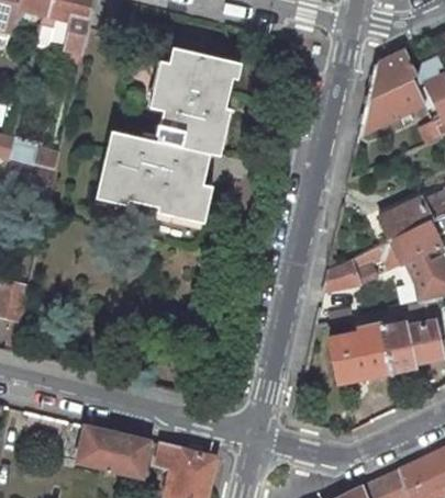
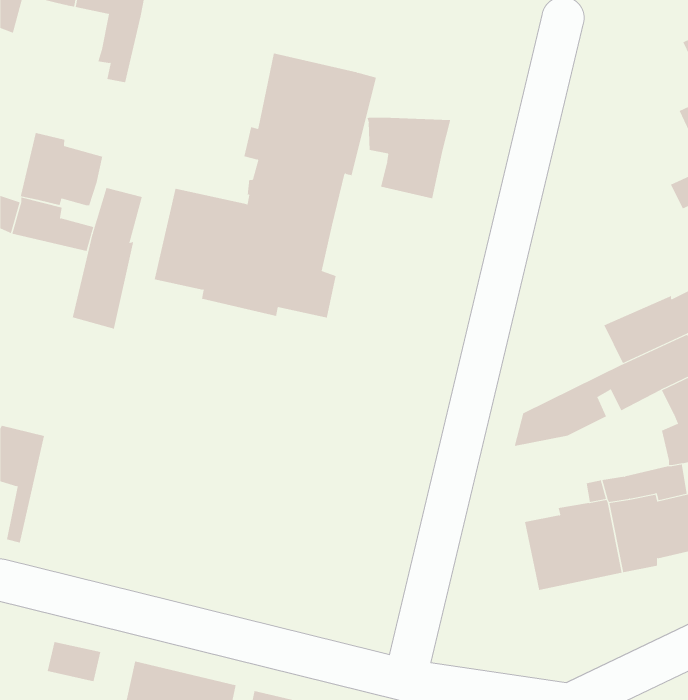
building: [359,49,426,136] -> none
building: none -> [367,117,451,199]
building: none -> [20,132,103,206]
building: none -> [72,187,142,330]

